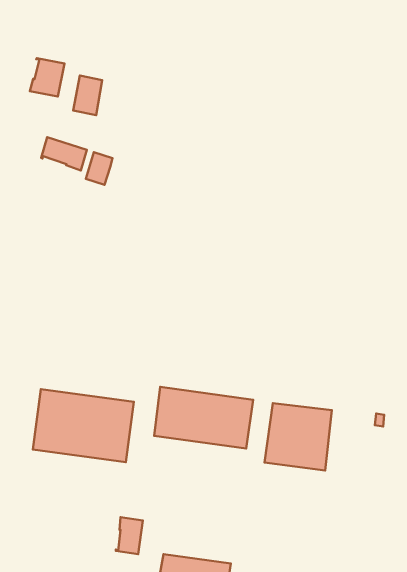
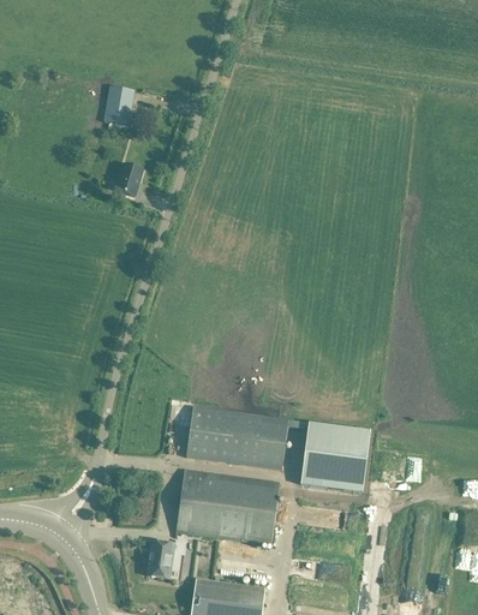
building: [30,58,65,96] -> none
building: [41,137,87,171] -> none
building: [33,389,134,462] -> [175,470,280,545]

